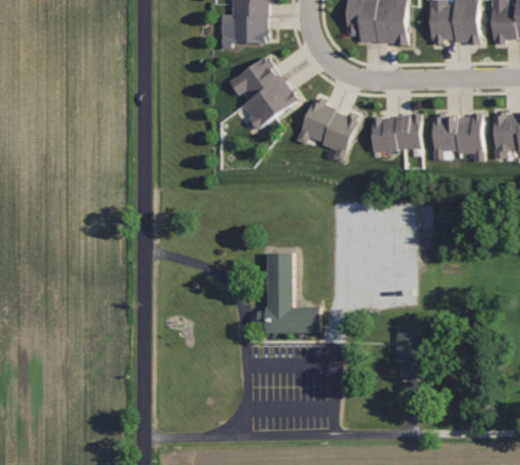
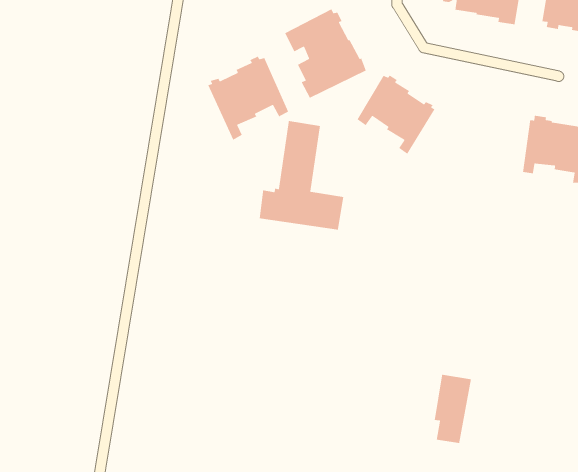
building: none -> [207,56,289,141]
building: [371,113,421,150] -> none
building: [255,253,320,334] -> [259,120,344,231]

